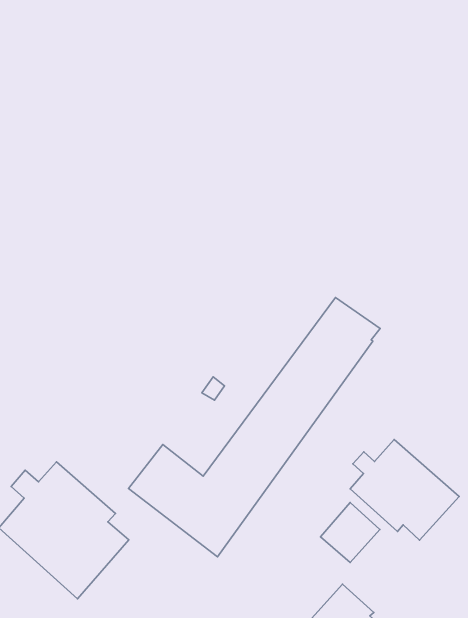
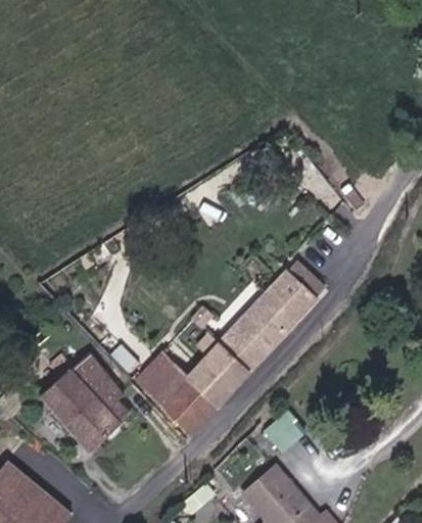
building: [350,439,459,540] -> none

